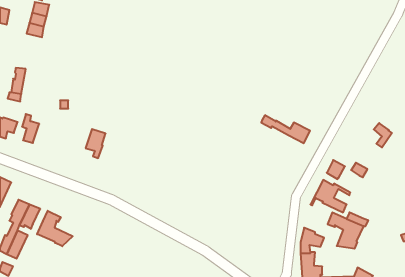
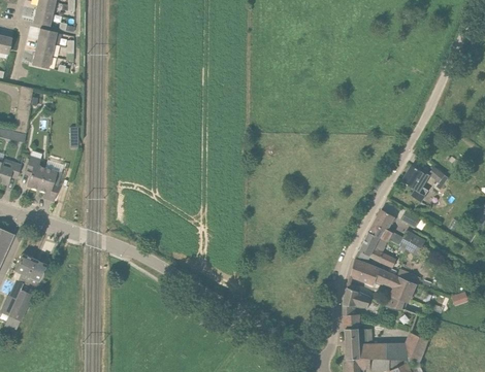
building: [261,115,310,143] -> [369,223,425,255]
building: none -> [401,164,430,201]
building: [86,129,106,158] -> [38,167,61,200]
building: none -> [350,259,380,284]
building: [37,211,73,246] -> none

